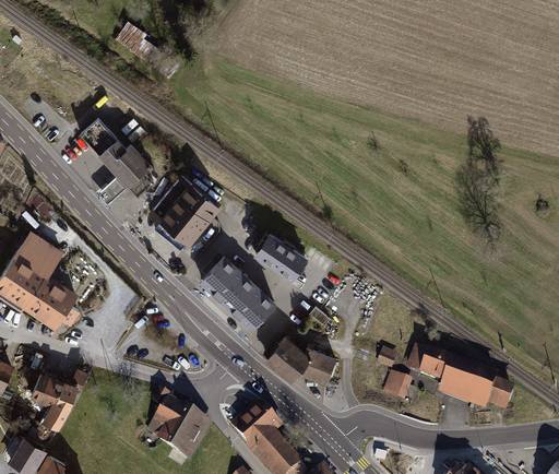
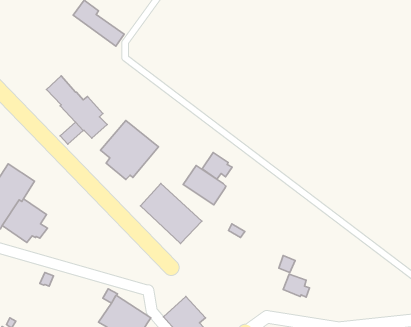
building: none -> [202,153,232,179]
building: [266,335,337,384] -> none
building: [405,343,514,410] -> none
building: [29,370,79,429] -> none

